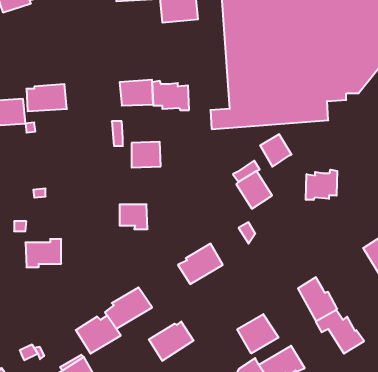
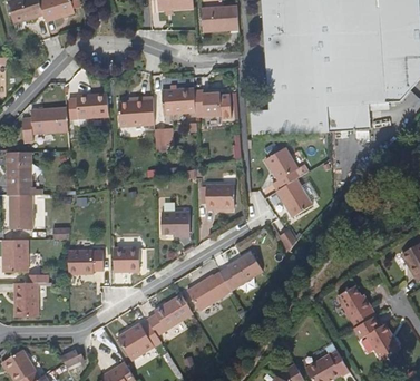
building: none -> [117,96,153,126]
building: [260,134,292,167] -> [265,147,296,179]
building: [132,142,161,168] -> [205,184,234,209]
building: [306,170,337,200] -> none
building: none -> [113,247,138,272]
building: [237,314,278,353] -> none
building: [149,321,194,361] -> [186,272,231,311]

